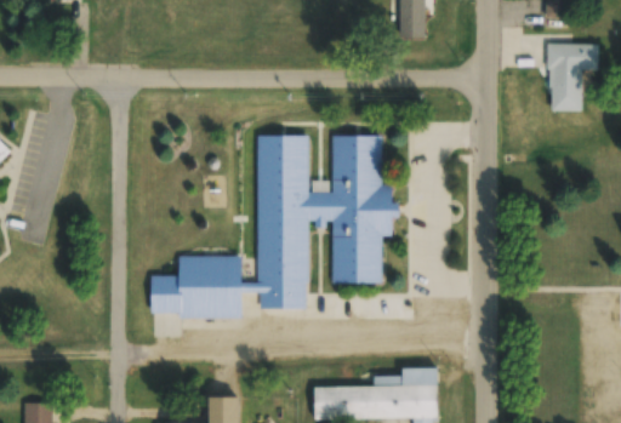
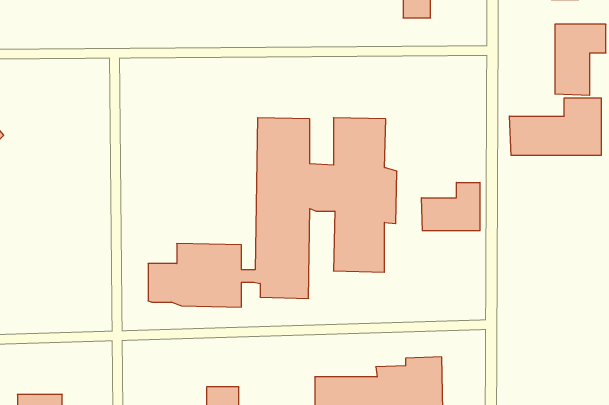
building: none -> [509,98,601,155]
building: none -> [421,182,480,231]

